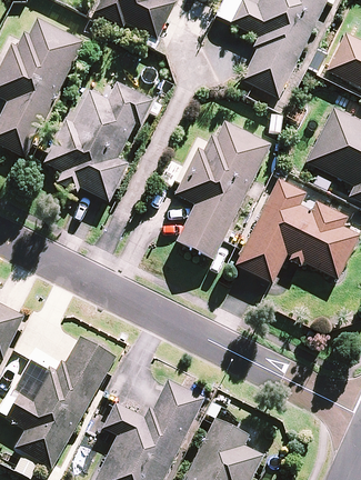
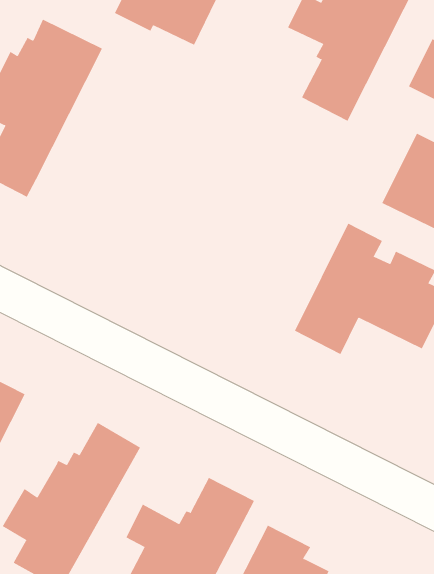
building: [43,81,154,201] -> none
building: [174,120,271,258] -> none

